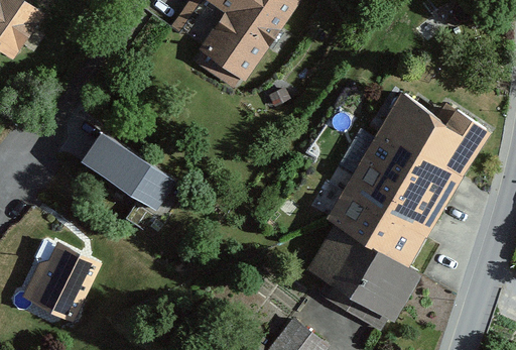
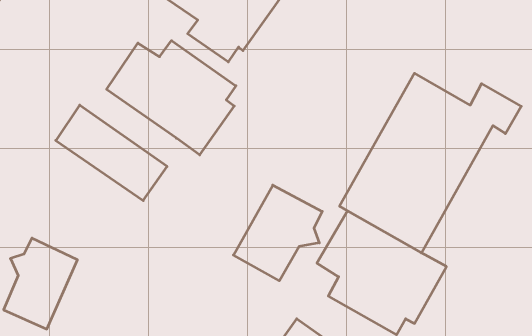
building: none -> [107,41,236,155]
building: none -> [233,185,322,281]

